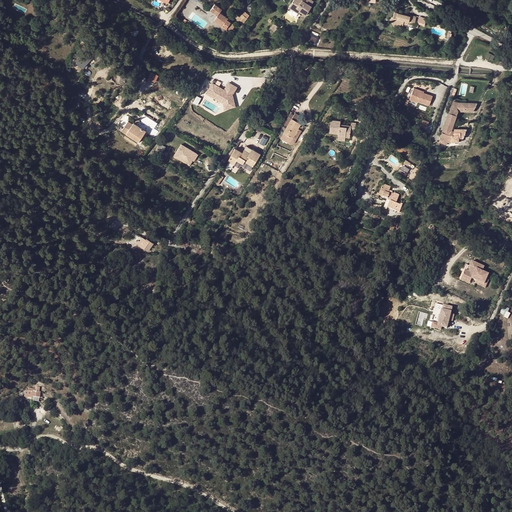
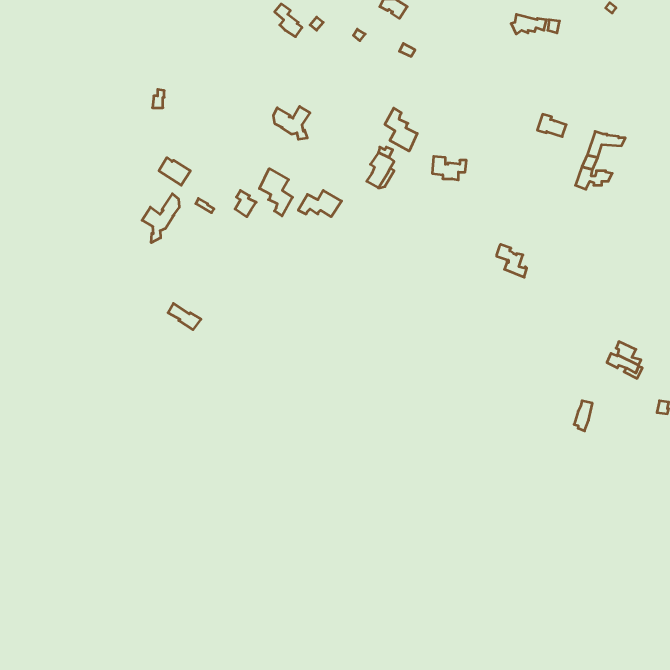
building: none -> [385,108,417,151]
building: none -> [259,169,293,216]
building: none -> [142,194,179,243]

